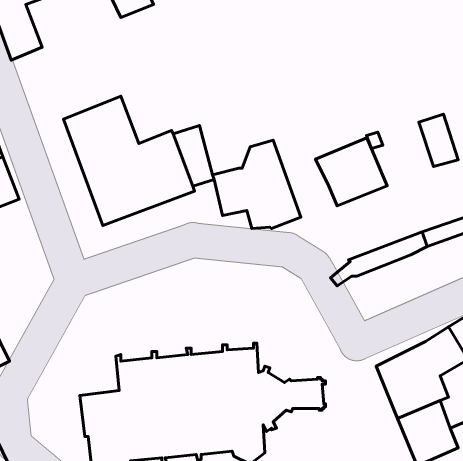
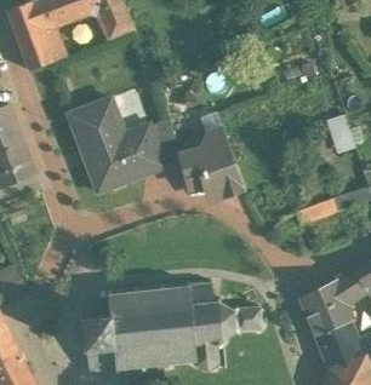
building: [315,138,387,206] -> none

